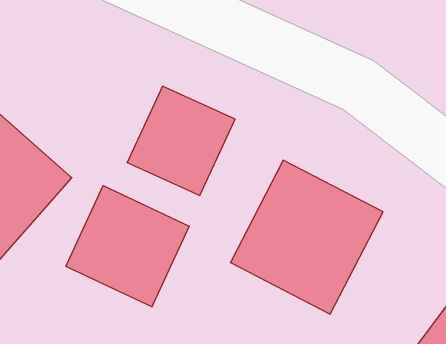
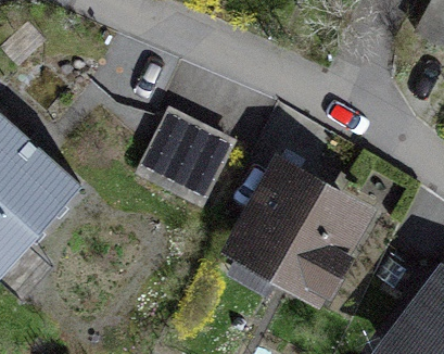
building: [66,186,189,307] -> none

